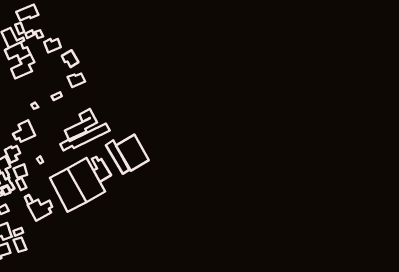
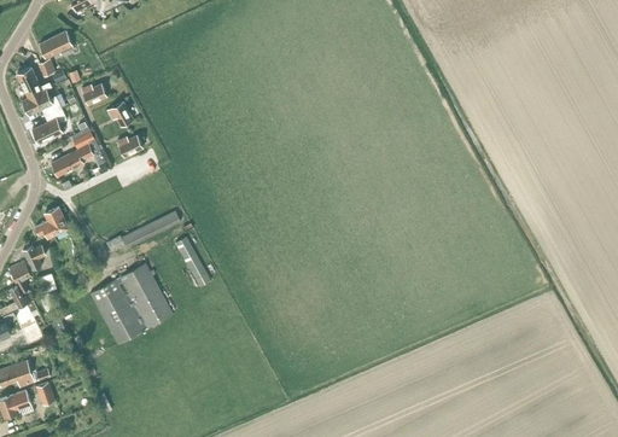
building: [65,109,97,139] -> [52,129,100,175]
building: [116,134,149,171] -> none
building: [92,157,111,182] -> none
building: [28,199,52,221] -> none

